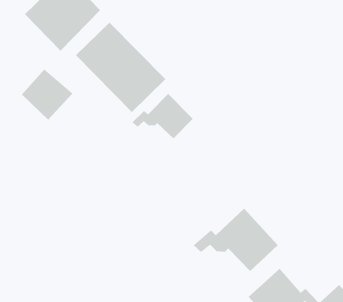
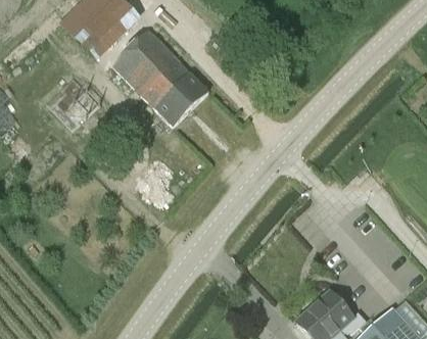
building: [131,93,193,139] -> none
building: [193,208,278,272] -> none

